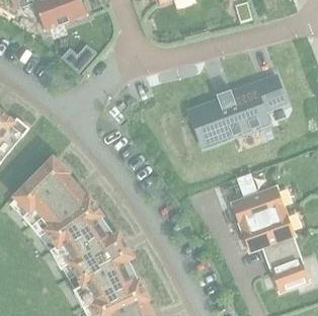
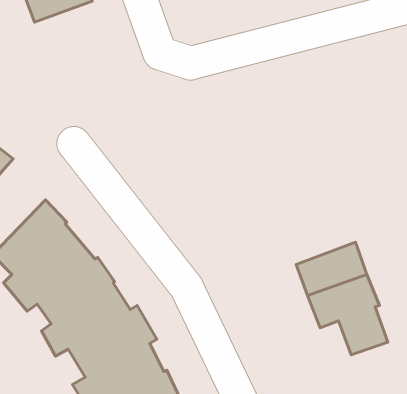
building: [189,74,285,145] -> none
building: [271,259,306,291] -> none

